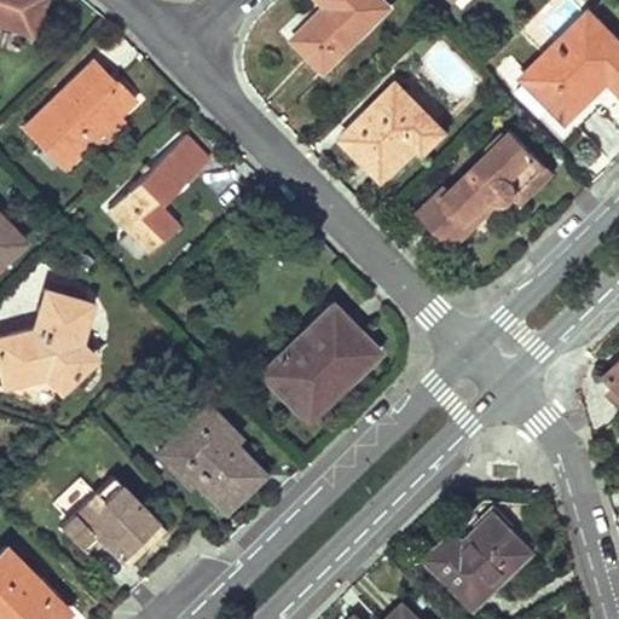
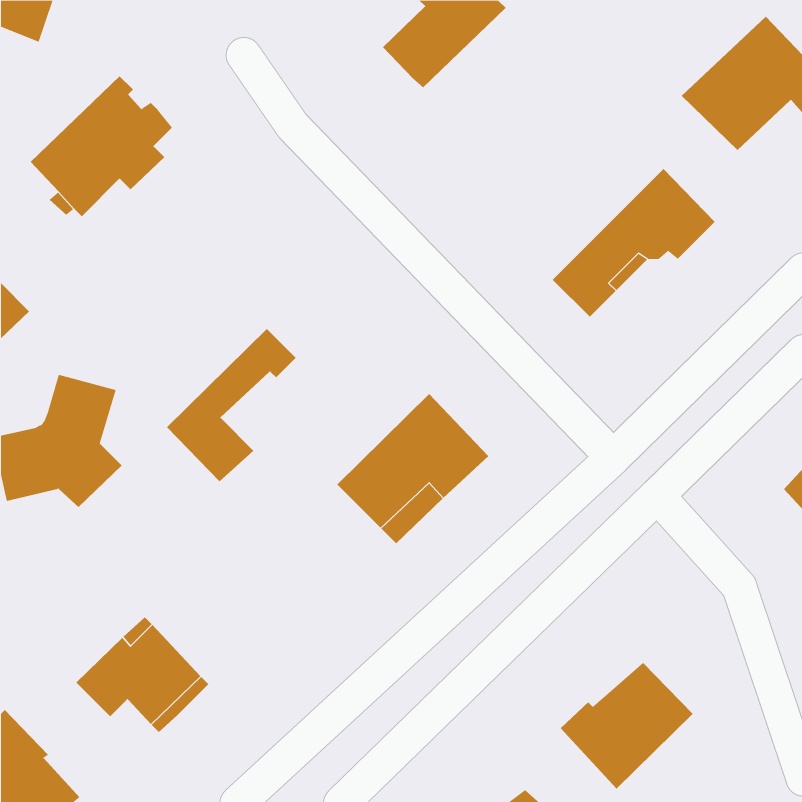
building: [343,83,442,175] -> none
building: [109,134,209,253] -> [166,328,297,482]
building: [158,404,264,509] -> none

